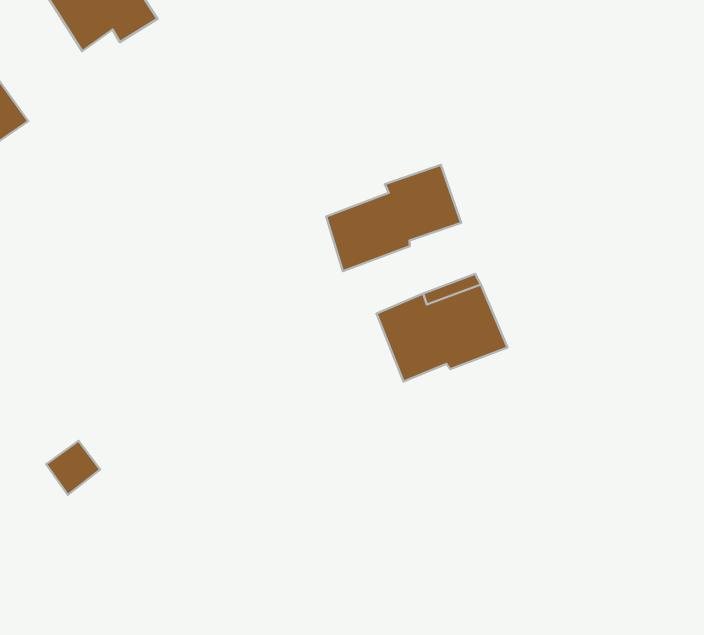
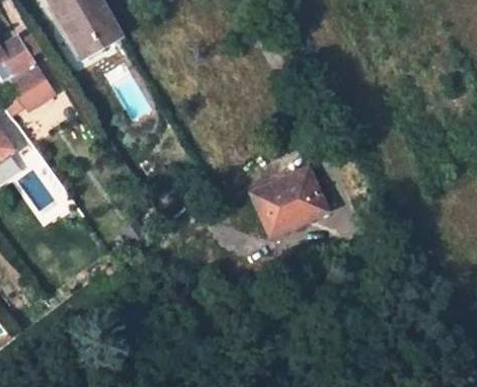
building: [326,165,461,271] -> none

